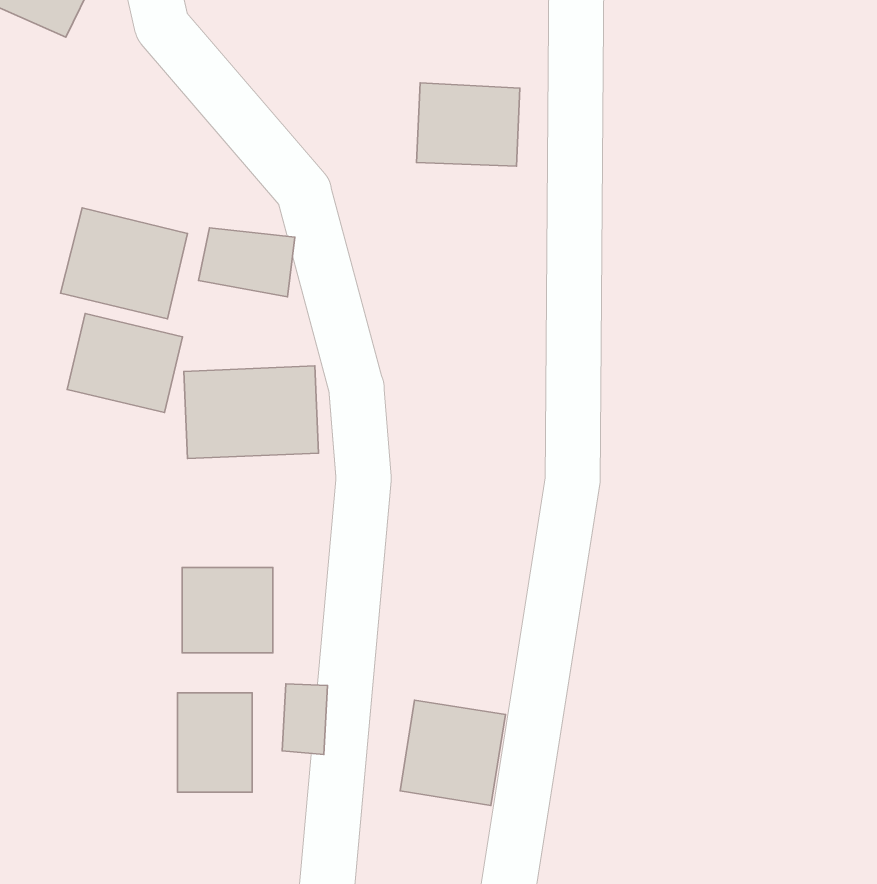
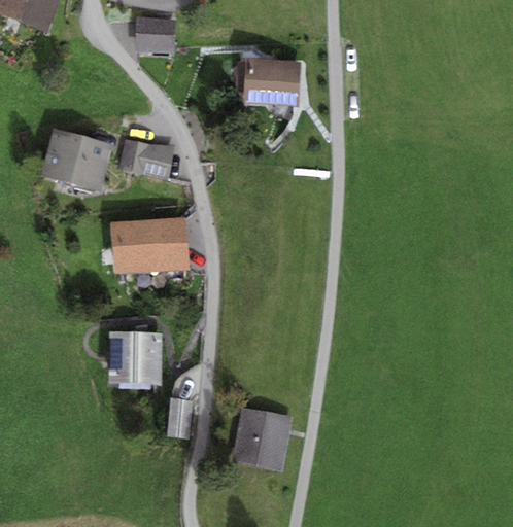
building: none -> [134,16,175,50]
building: [67,314,182,413] -> none
building: [178,693,252,792] -> none

